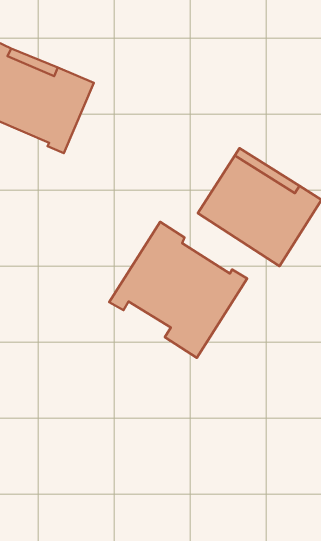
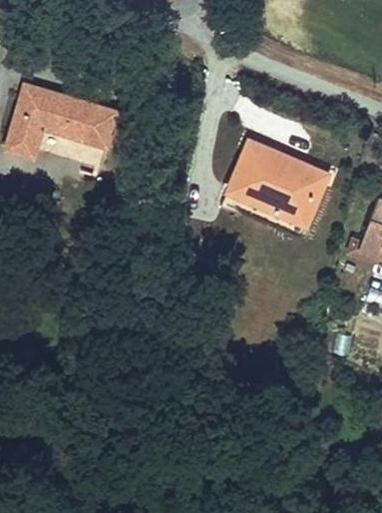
building: [109,222,247,358] -> none

